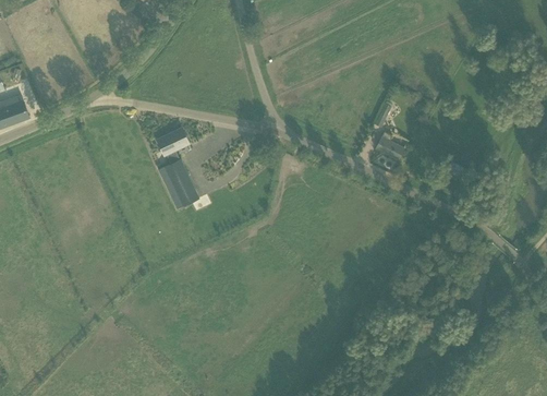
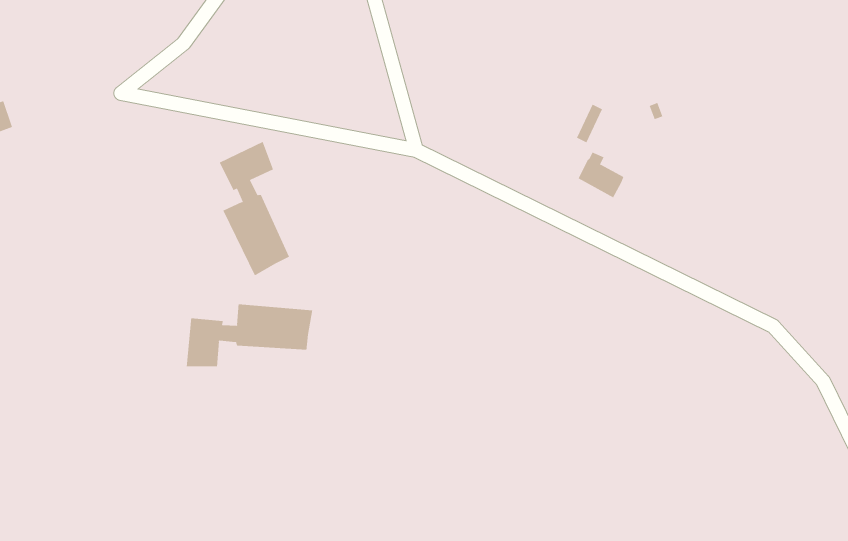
building: none -> [186,303,313,367]

